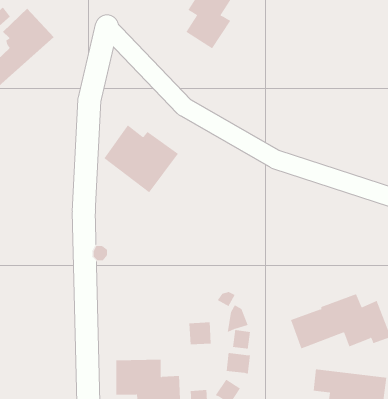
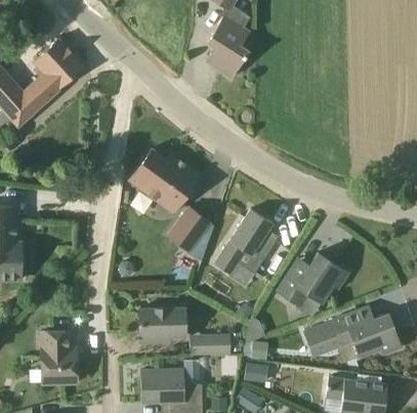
building: none -> [167,207,210,251]
building: none -> [214,208,278,274]
building: none -> [277,252,348,305]
building: none -> [138,307,184,342]
building: none -> [41,330,77,383]

